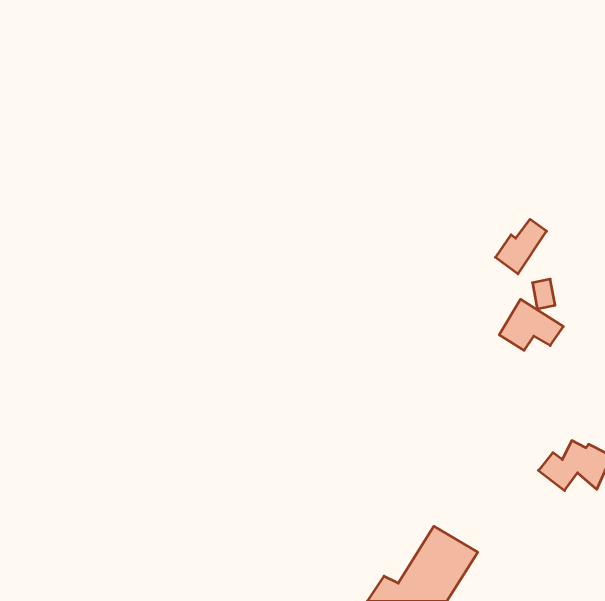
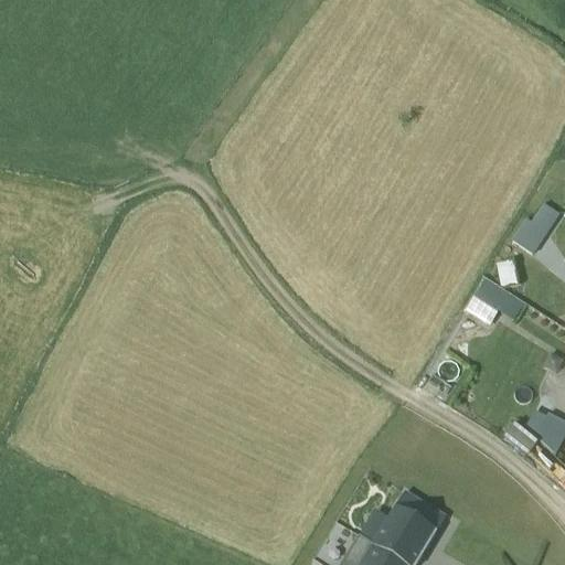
building: [495,219,547,274] -> [512,204,559,255]

